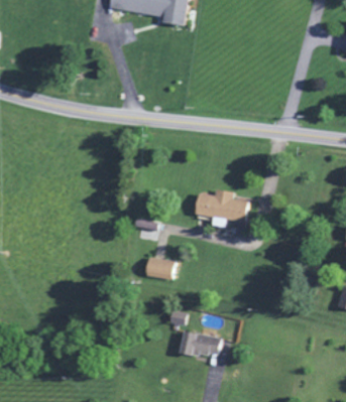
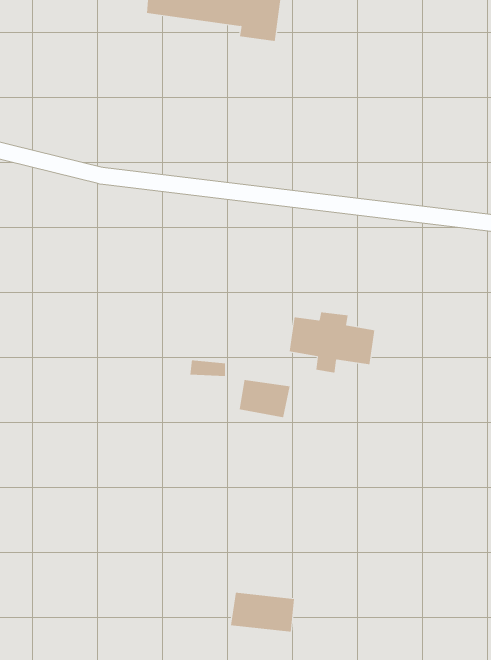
building: [144,257,176,280] -> [239,380,290,418]
building: [180,331,219,356] -> [230,592,295,632]

